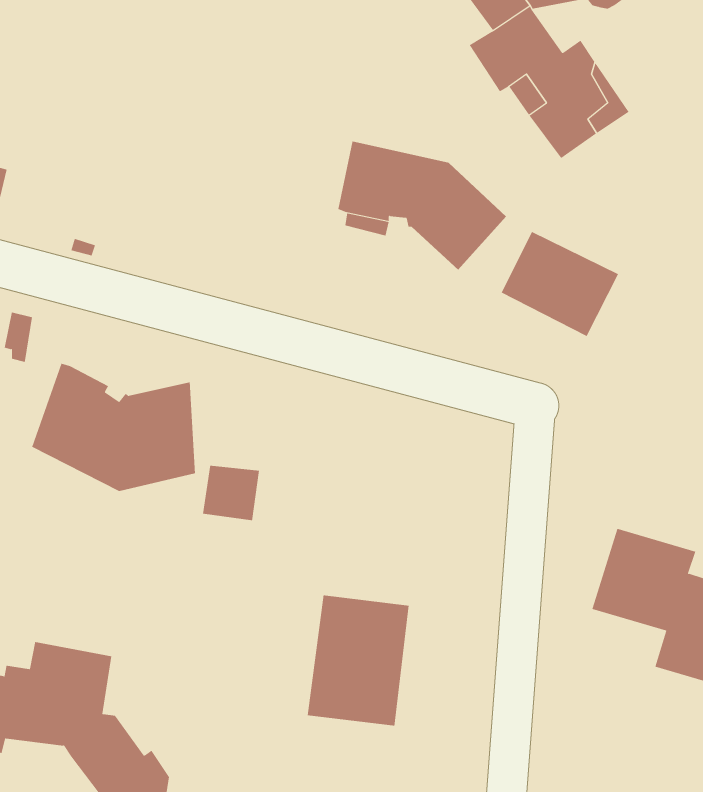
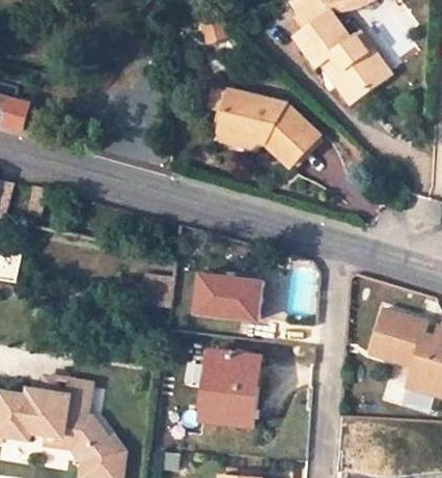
building: [501,231,619,337] -> none
building: [31,363,195,492] -> none
building: none -> [195,273,261,319]

